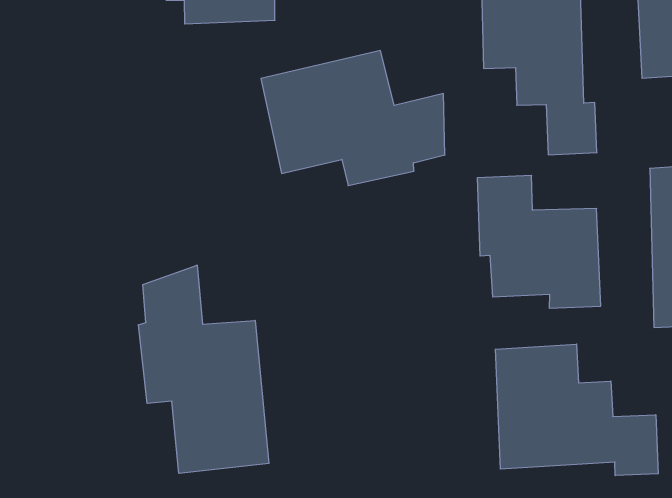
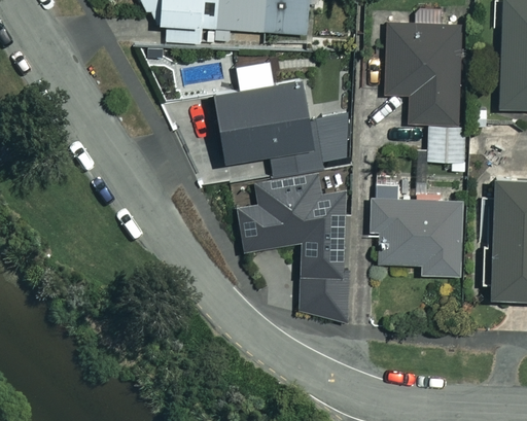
building: none -> [241,169,354,321]
building: [138,265,269,473] -> none
building: [495,344,658,476] -> none

